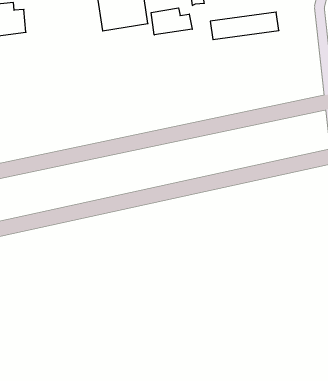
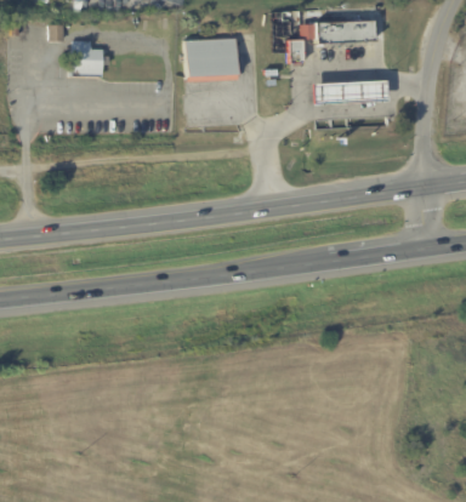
building: [151,8,192,35] -> none

